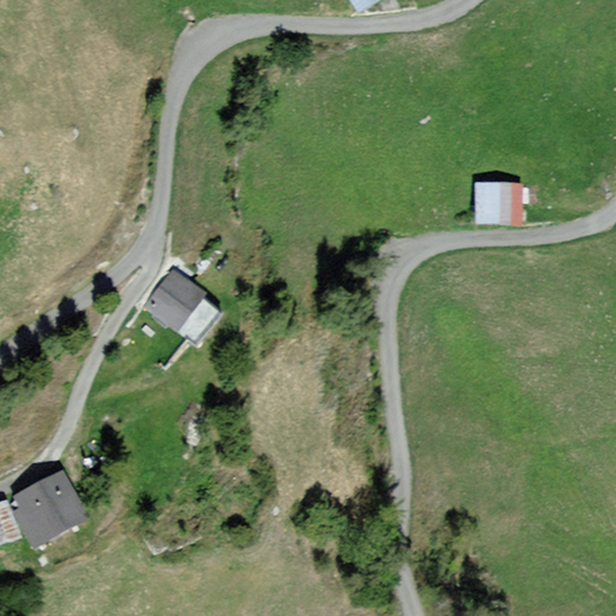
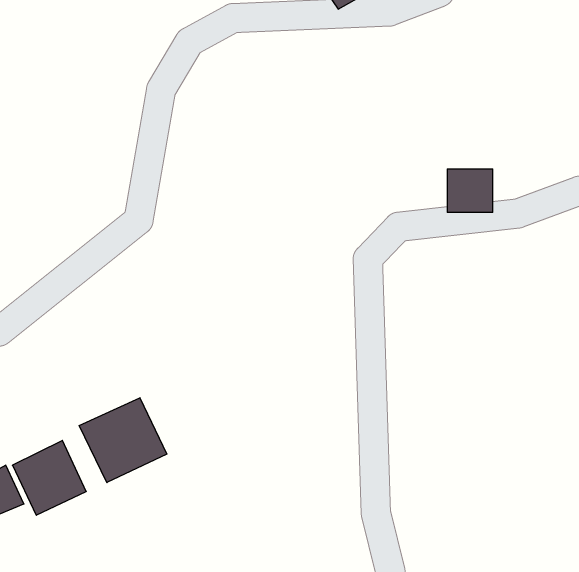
building: [141,270,202,331] -> none
building: none -> [79,398,167,483]

